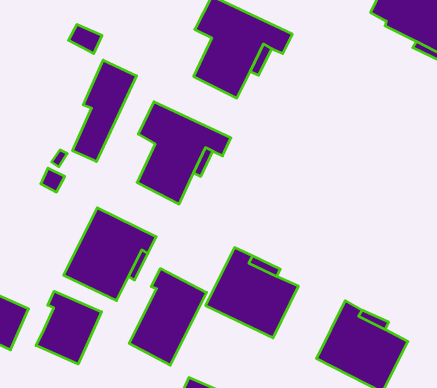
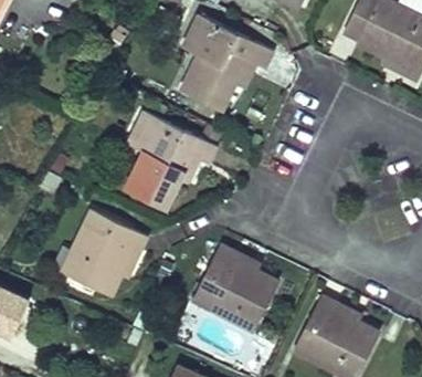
building: [73,60,137,162] -> none
building: [129,269,207,365] -> none
building: [36,291,102,364] -> none

